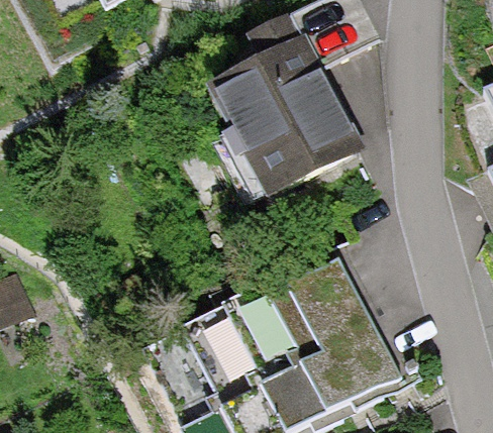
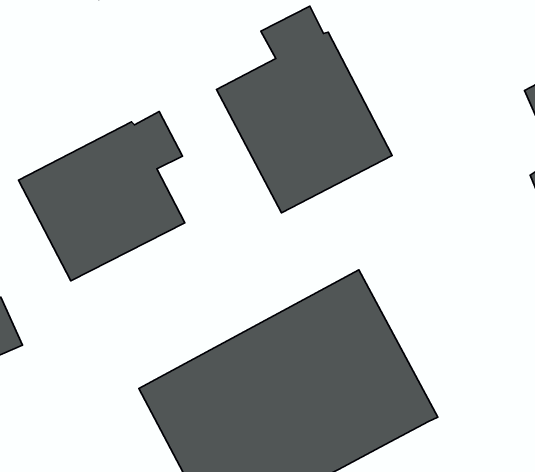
building: none -> [19,112,185,281]

